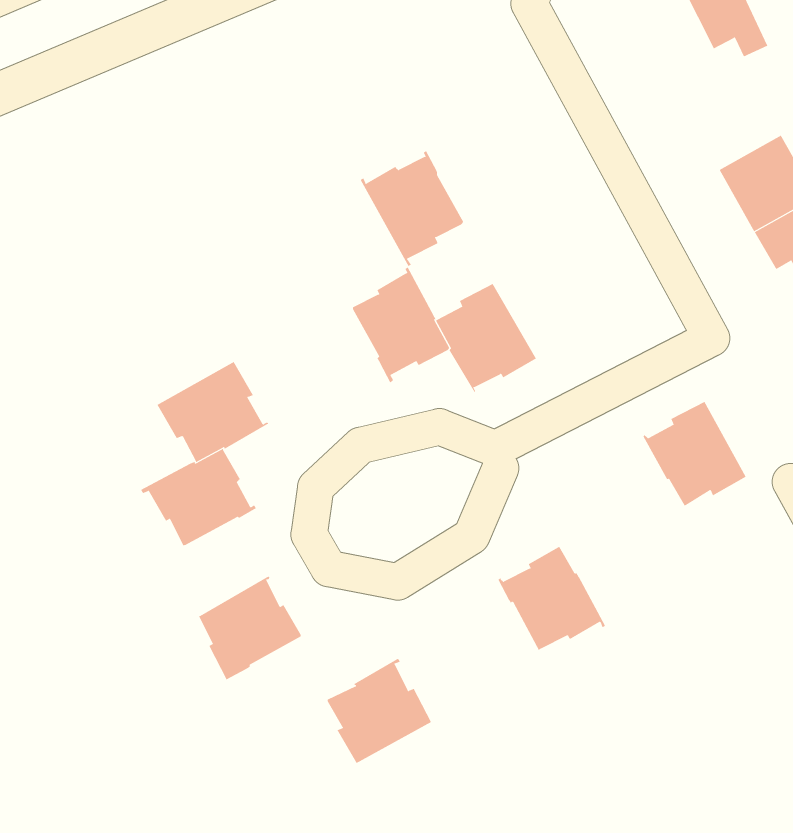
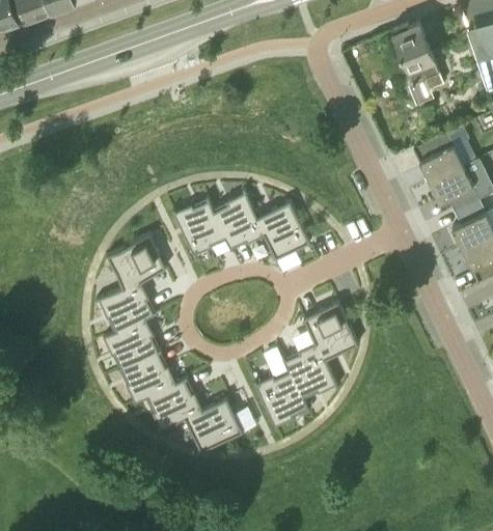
building: [360,150,464,267] -> [172,197,226,258]
building: [642,401,746,506] -> [304,303,358,358]
building: none -> [104,317,161,370]
building: none -> [253,371,309,429]
building: none -> [148,376,203,432]

